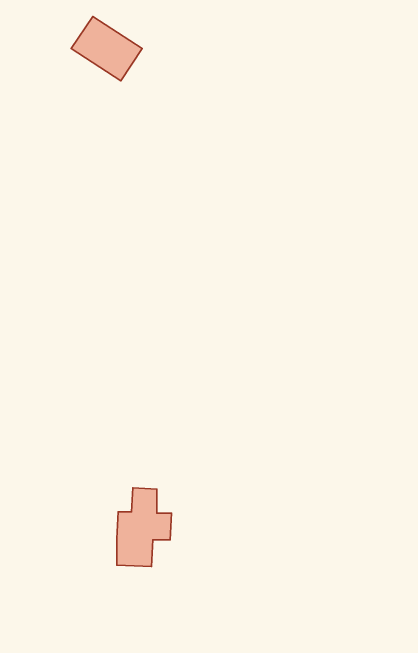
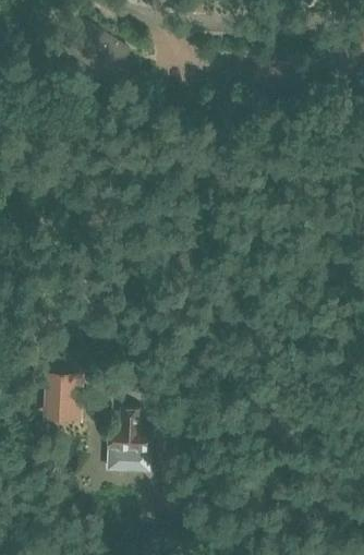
building: none -> [44,372,84,421]

